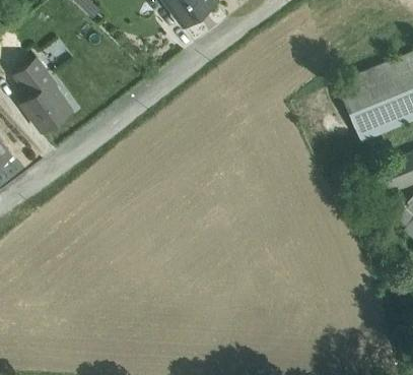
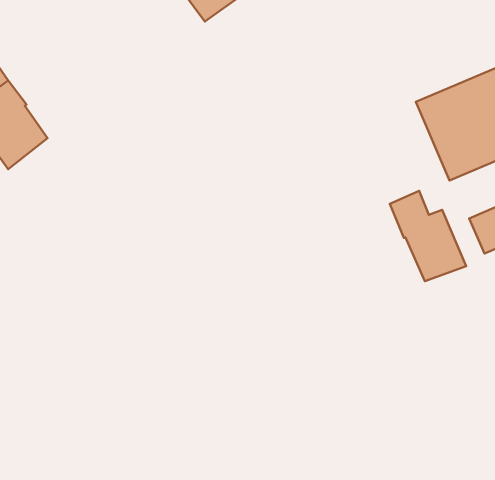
building: none -> [390,191,466,281]

